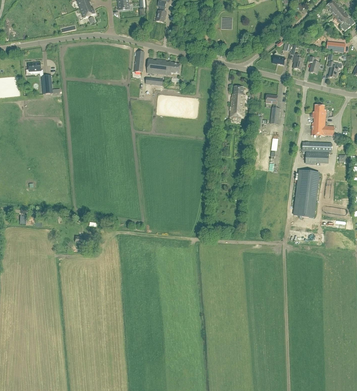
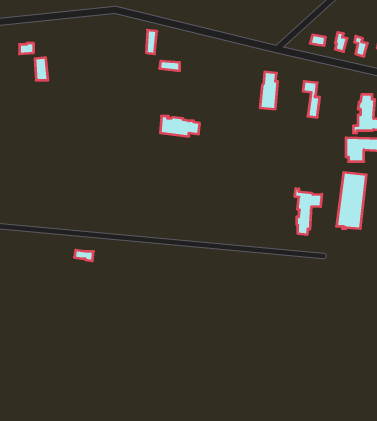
building: [146,58,179,75] -> [160,116,200,136]
building: none -> [295,188,322,235]

